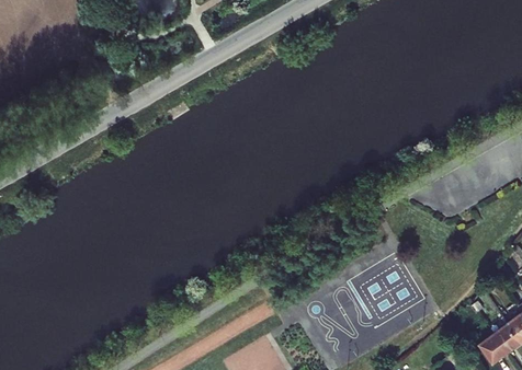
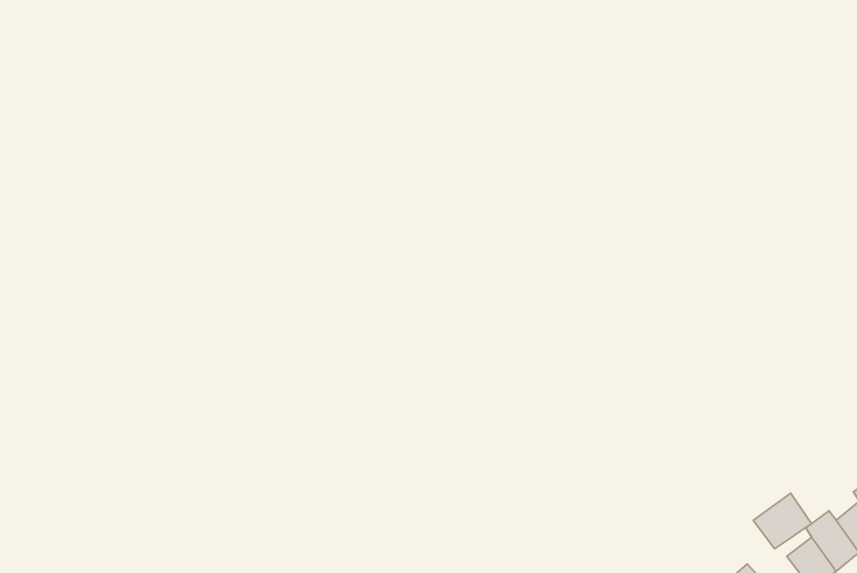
building: none -> [753,493,811,549]

